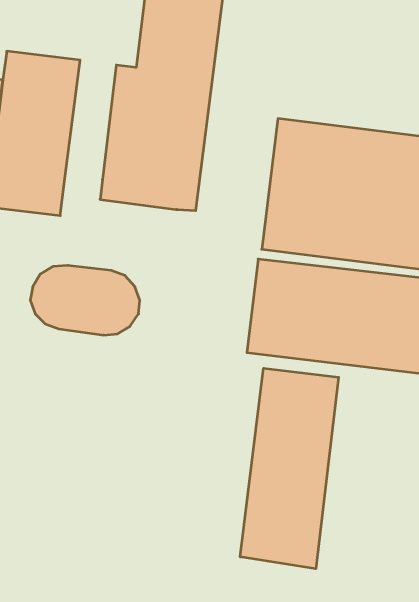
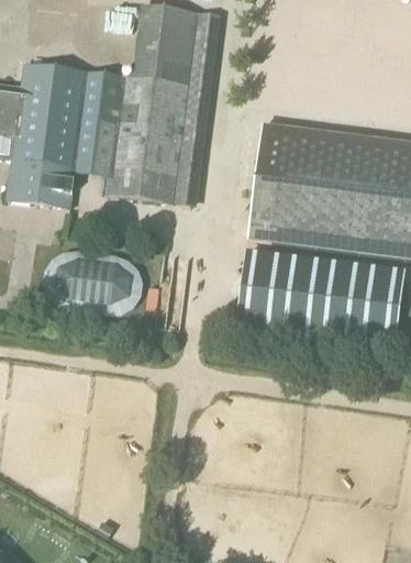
building: none -> [74,70,119,176]
building: [240,368,339,569] -> none

